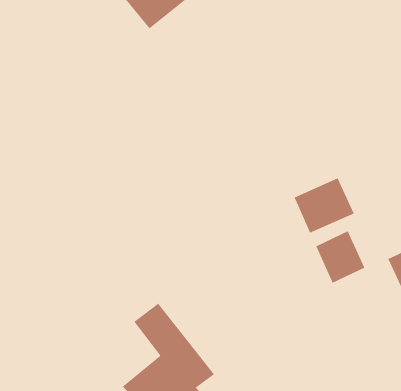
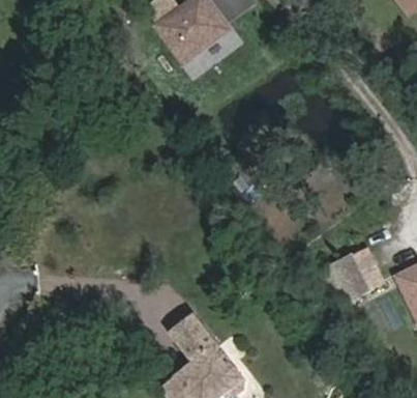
building: [294,177,355,234] -> none

